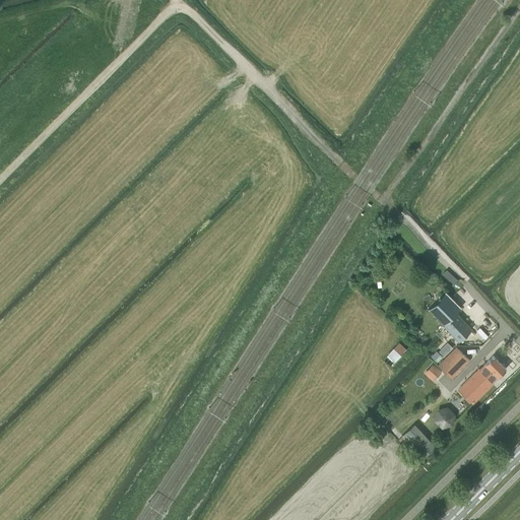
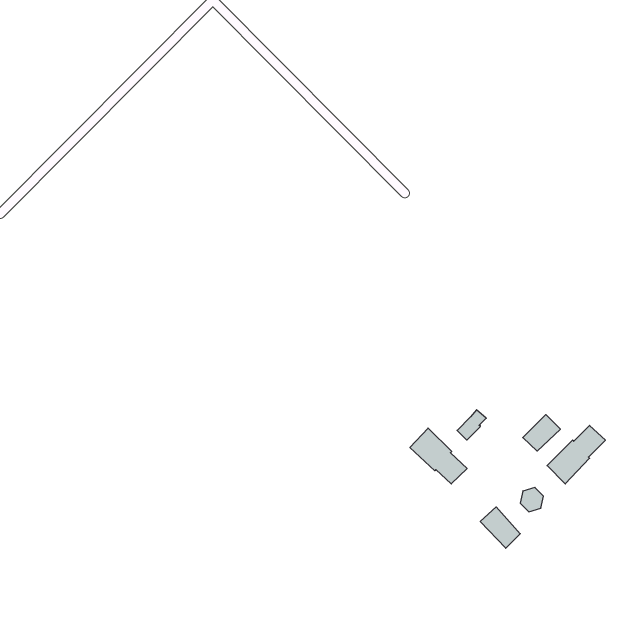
building: [429,292,472,342] -> none
building: none -> [410,428,467,484]

